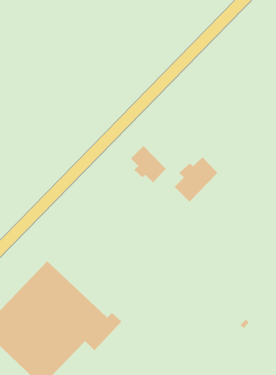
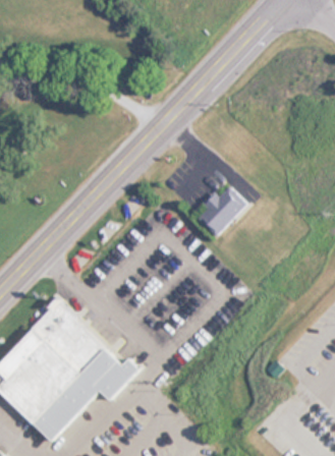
building: [130,145,167,183] -> none

